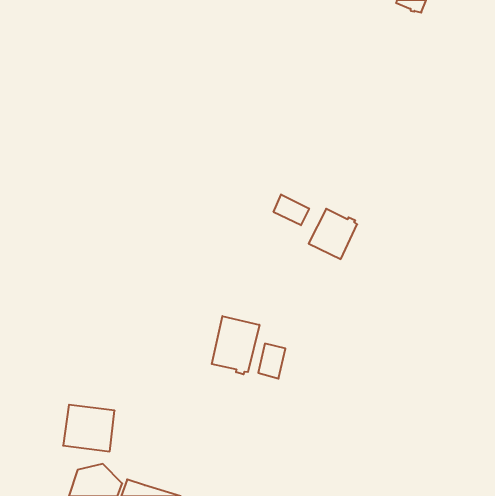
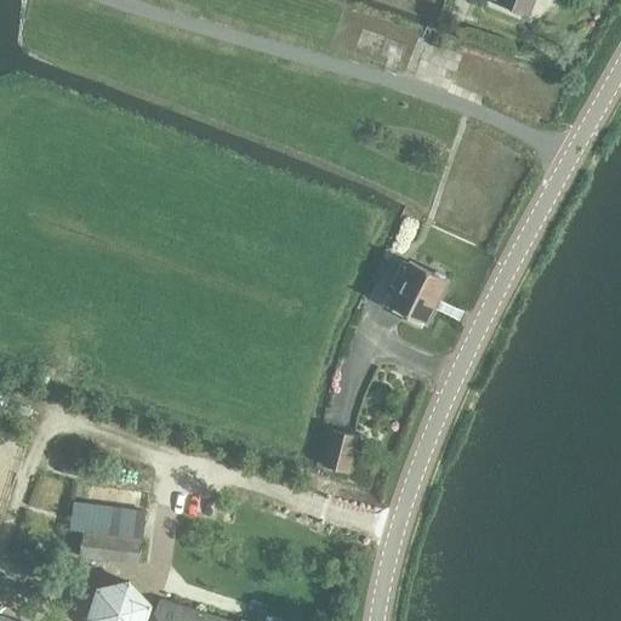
building: [274,194,309,225] -> none
building: [212,316,259,374] -> none

